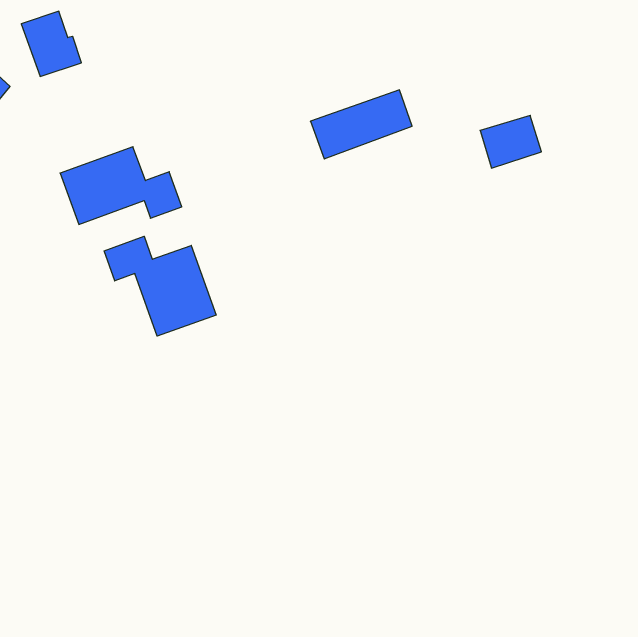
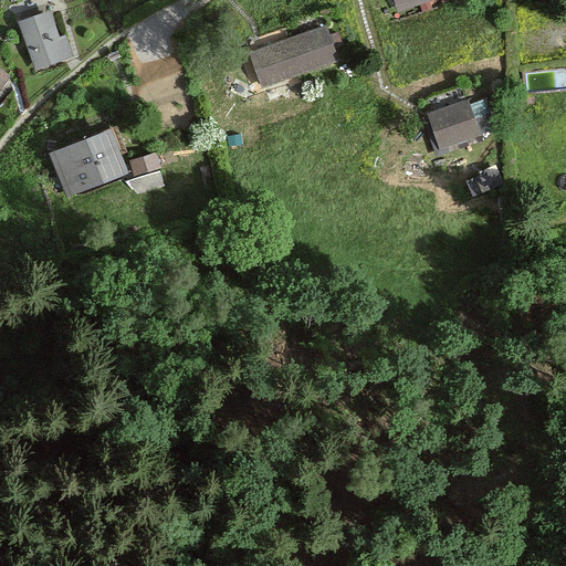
building: [310,90,412,159] -> [243,27,333,87]
building: [104,236,216,336] -> none

